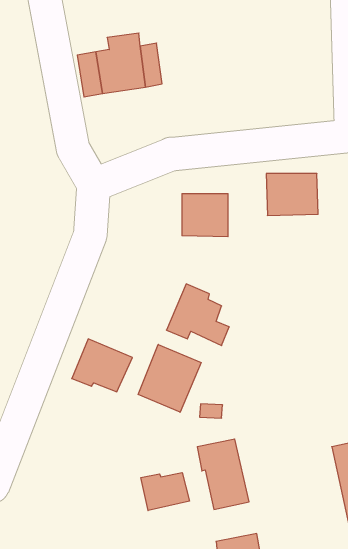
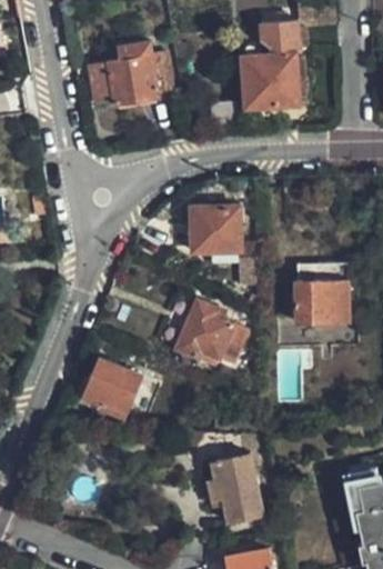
building: none -> [241,21,296,109]
building: [266,174,318,215] -> [294,276,346,318]
building: [138,344,201,412] -> none
building: [141,473,189,511] -> none

